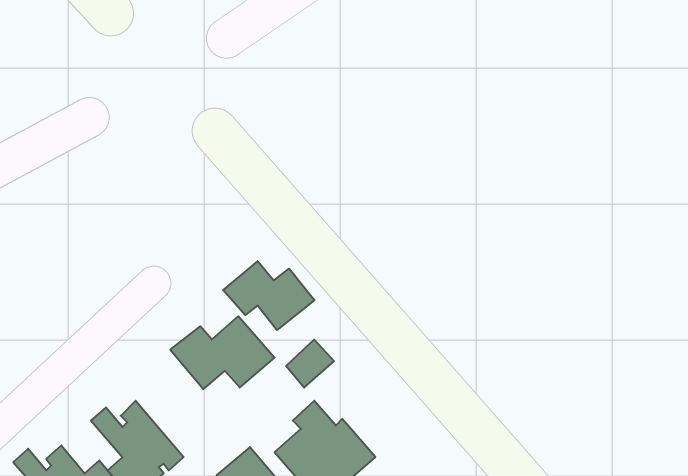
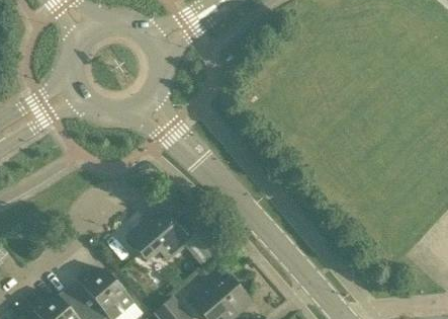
building: [223,261,315,330] -> none

